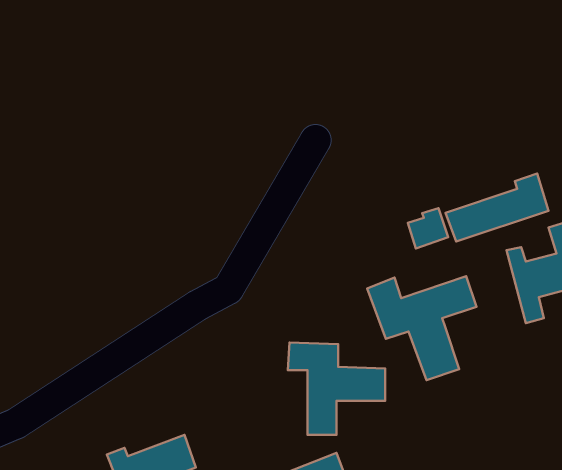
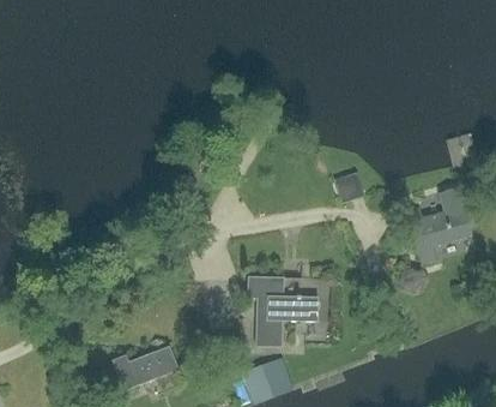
building: [446,174,549,242] -> none
building: [367,276,476,380] -> none

